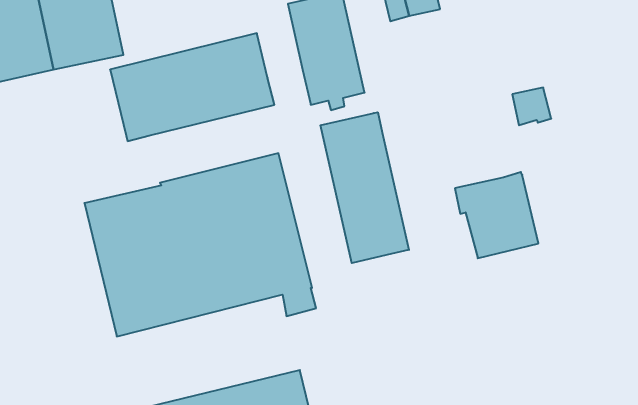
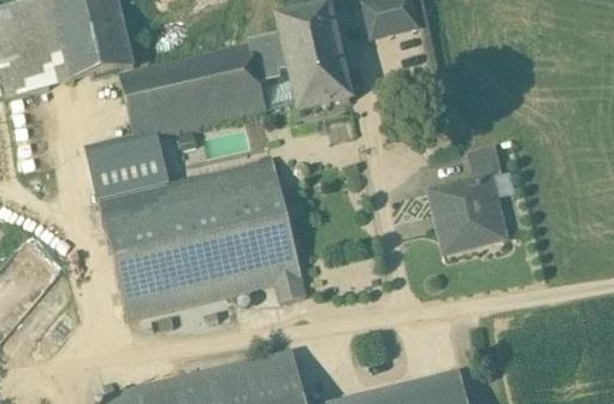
building: none -> [253,41,294,89]
building: [512,88,551,125] -> [467,144,502,178]
building: [320,112,409,263] -> none
building: none -> [87,141,167,201]

